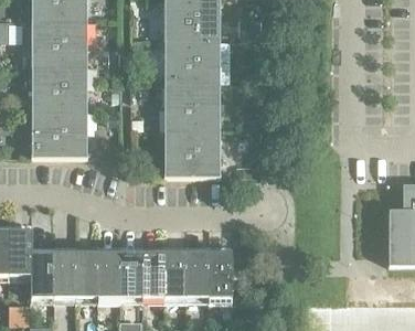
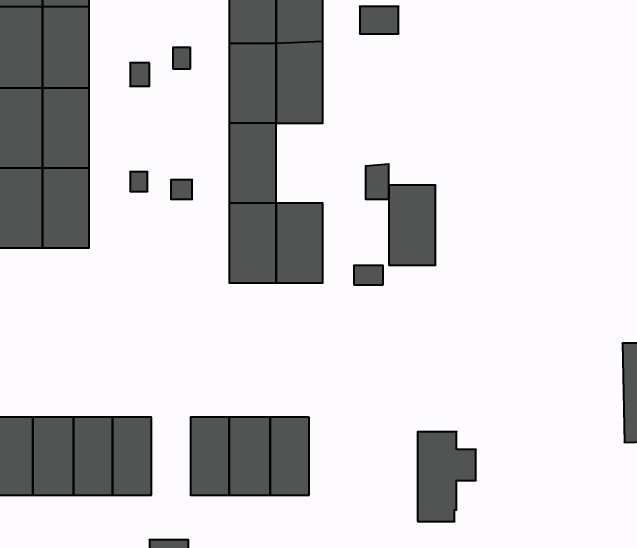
building: [191,85,217,130] -> [389,185,436,265]
building: [120,252,142,296] -> none
building: [210,252,243,302] -> [418,432,476,521]

